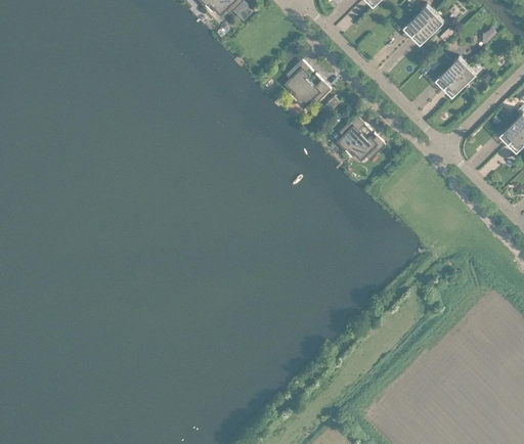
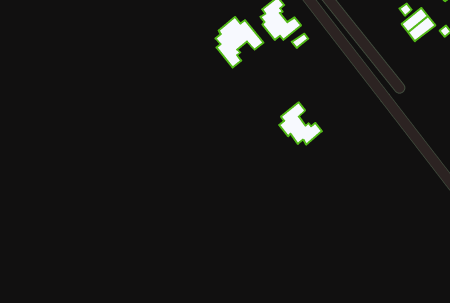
building: none -> [215,17,263,68]
building: [338,117,385,162] -> [279,102,322,145]

